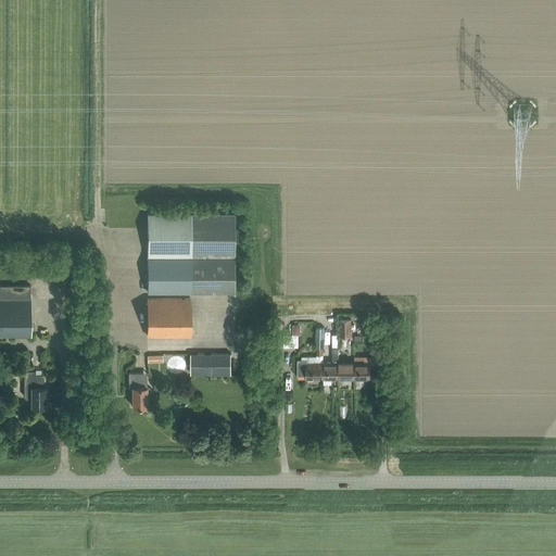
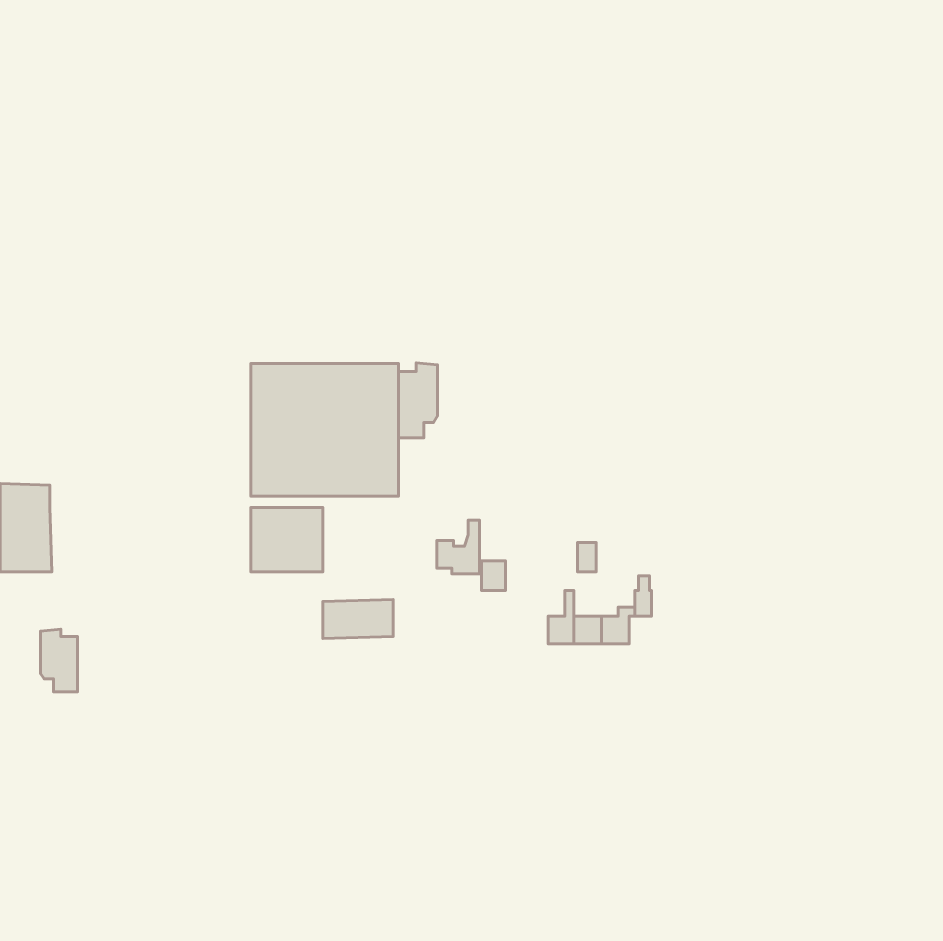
building: none -> [399,363,437,438]
building: [298,349,323,380] -> [437,520,479,574]
building: [128,374,147,408] -> none

